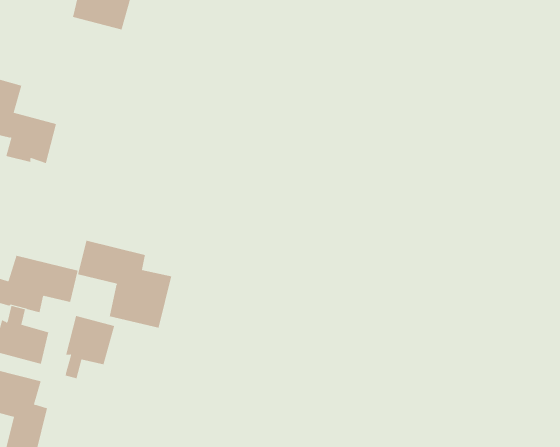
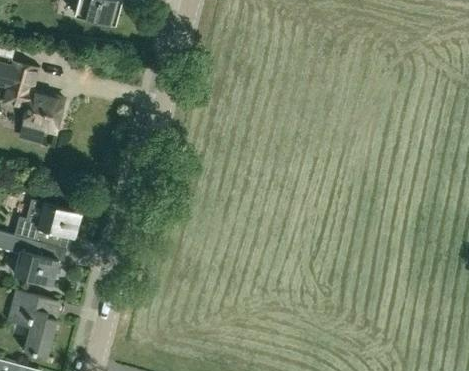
building: [78,240,172,329] -> none
building: [65,315,115,379] -> none

